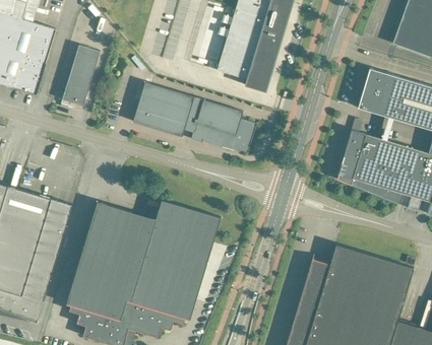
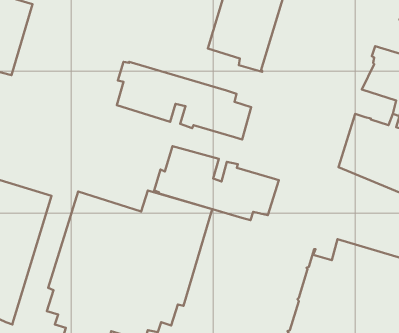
building: [61,45,101,108] -> none
building: none -> [154,146,279,220]

